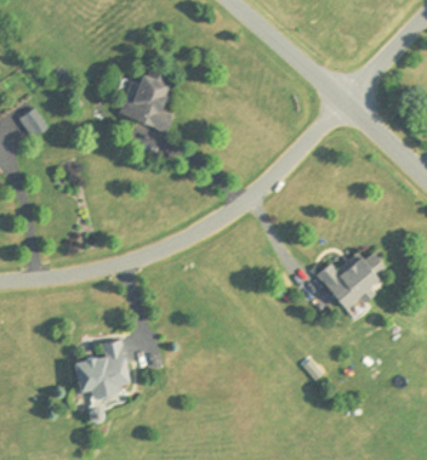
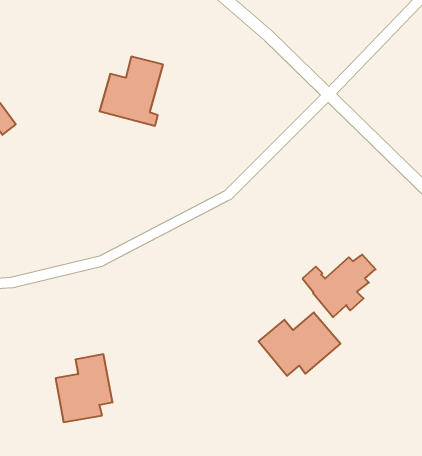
building: none -> [259,312,340,376]

